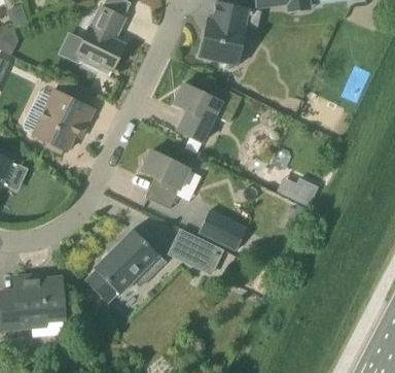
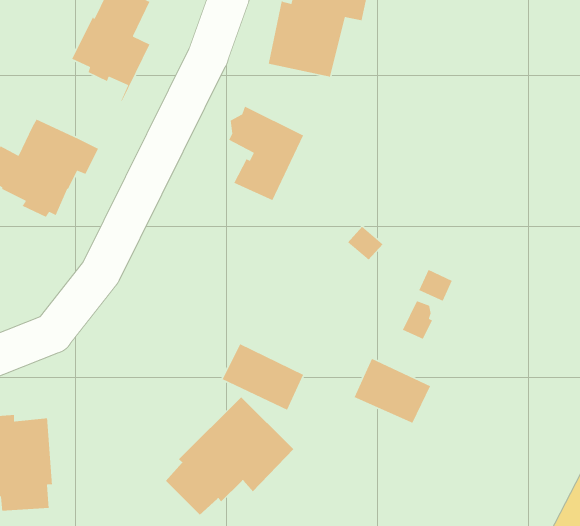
building: [141,149,189,209] -> none
building: [199,209,247,250] -> [353,358,431,424]
building: [85,229,166,303] -> [165,396,294,515]

